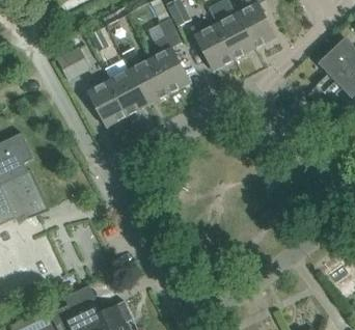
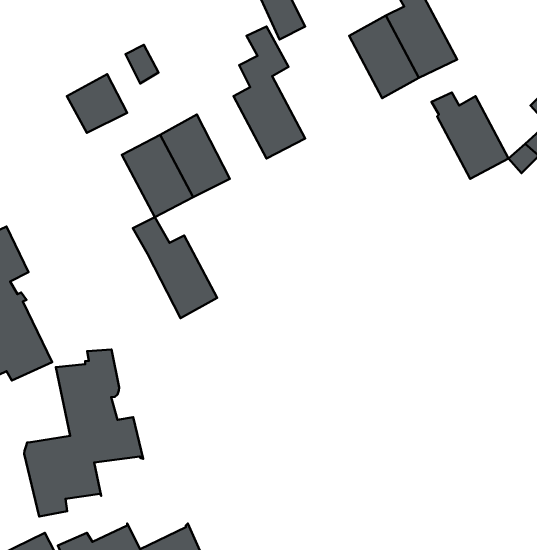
building: [191,22,235,71] -> [432,93,509,179]
building: [121,48,169,105] -> [133,217,217,318]
building: none -> [24,349,143,516]

